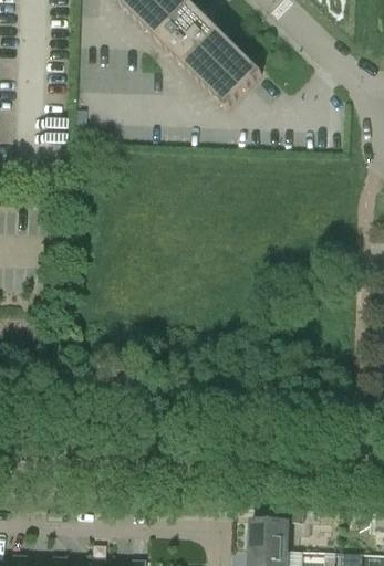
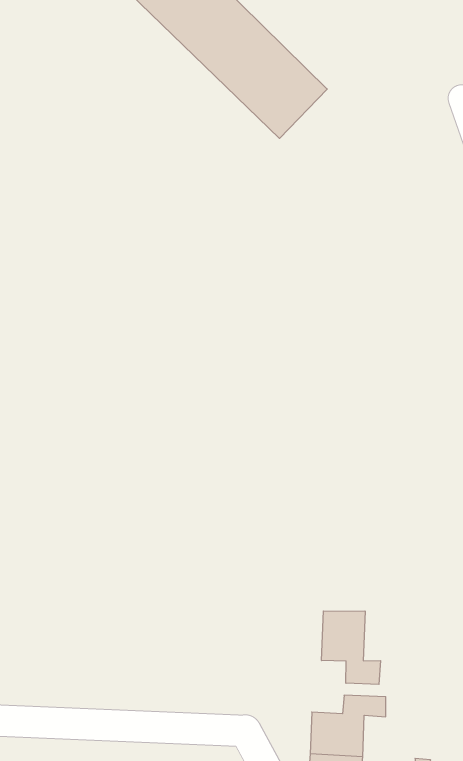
building: none -> [322,611,380,684]

